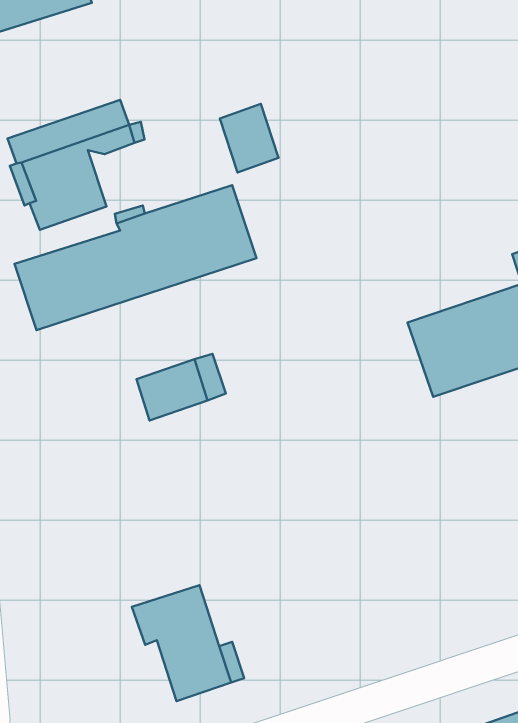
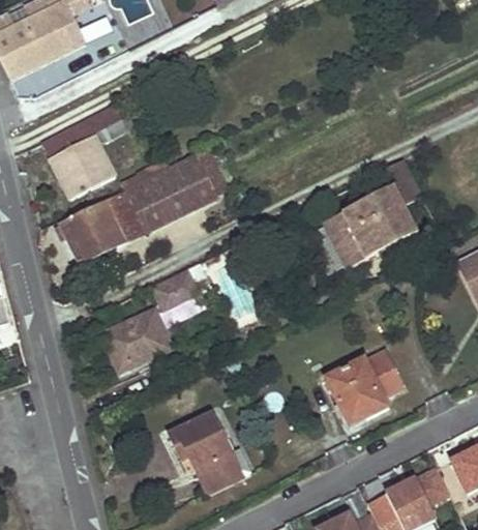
building: [220,104,279,172] -> none
building: none -> [102,311,171,362]
building: none -> [326,353,402,425]

